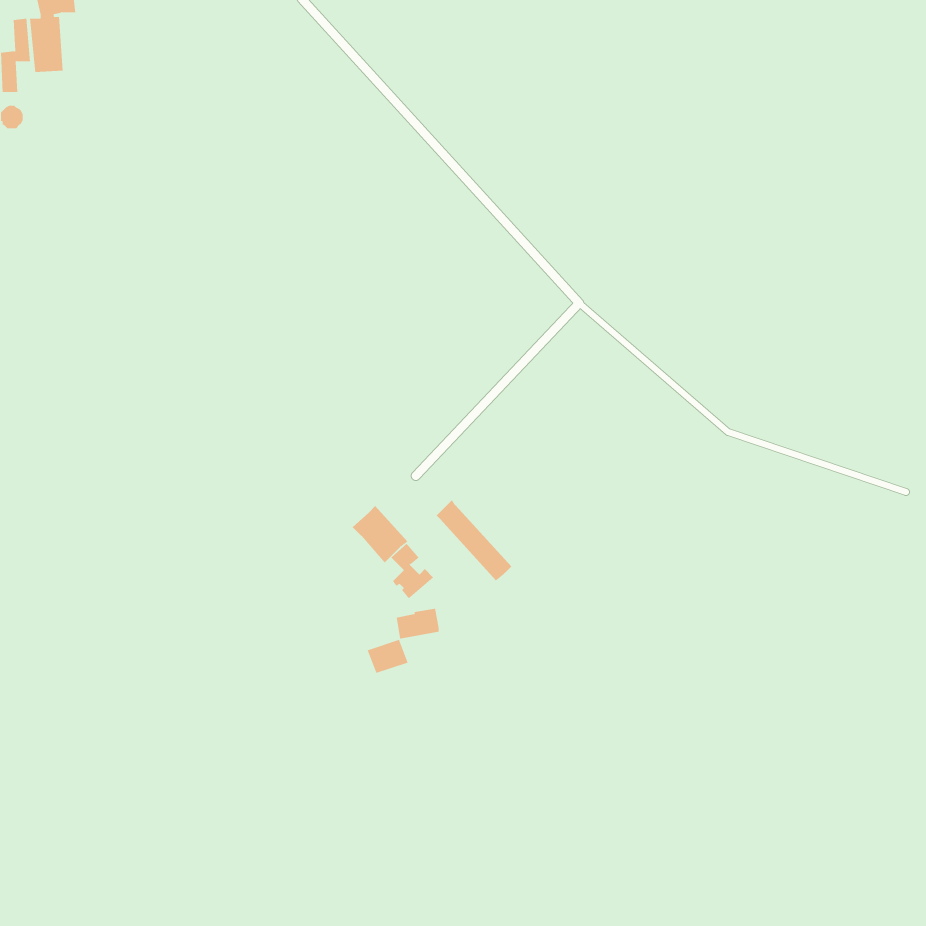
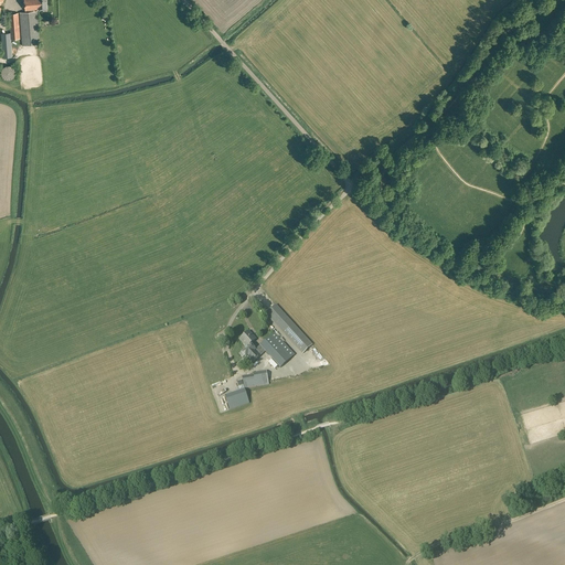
building: [352,505,408,563] -> [258,332,292,367]

